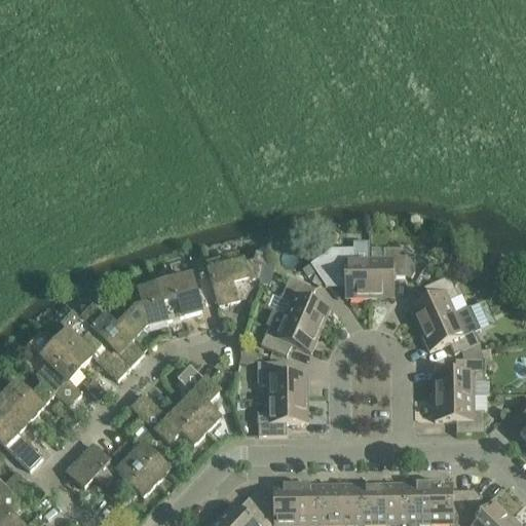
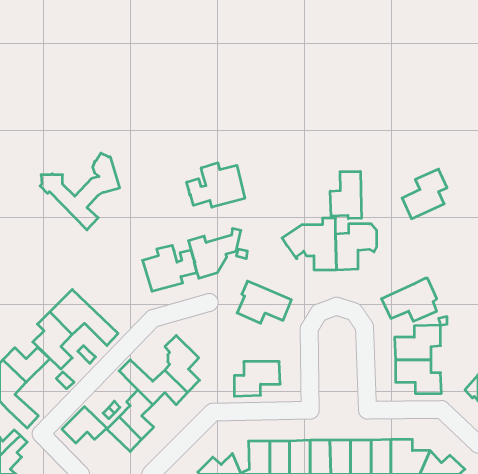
building: none -> [187,163,245,207]
building: none -> [330,171,361,219]
building: [408,273,457,328] -> [402,169,447,219]
building: [279,275,330,329] -> none
building: [79,281,166,366] -> [40,153,120,230]
building: [257,360,306,397] -> none

